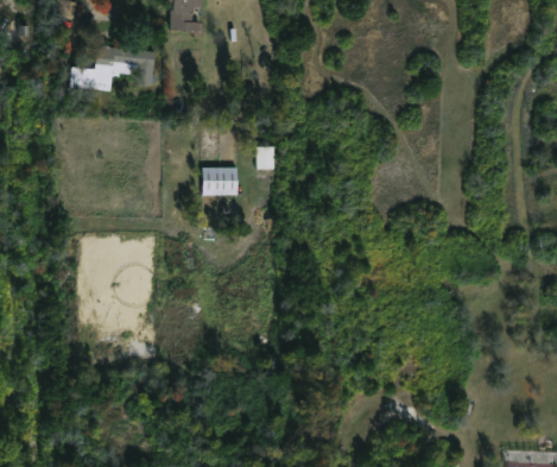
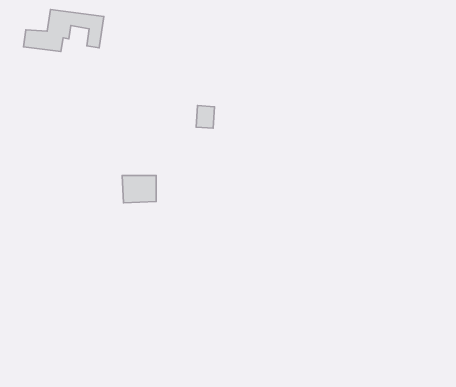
building: [202,169,238,197] -> [122,176,156,203]

